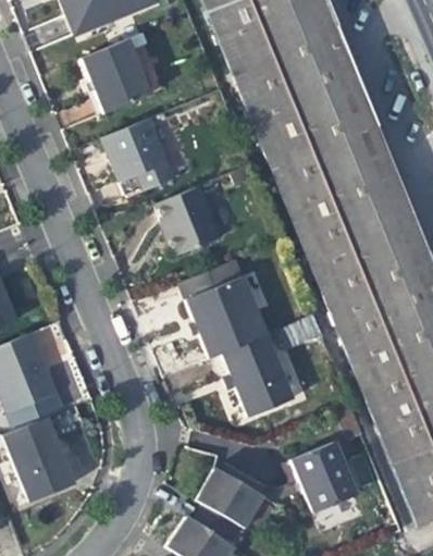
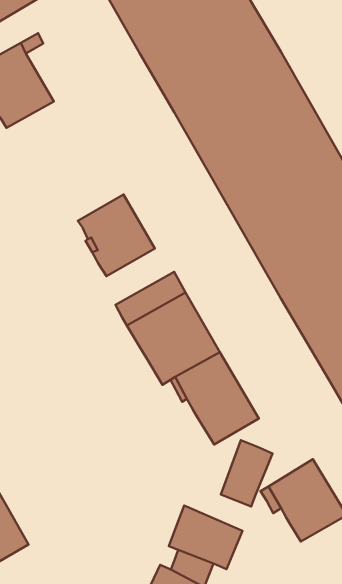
building: [103,119,174,198] -> none
building: none -> [221,440,272,506]

